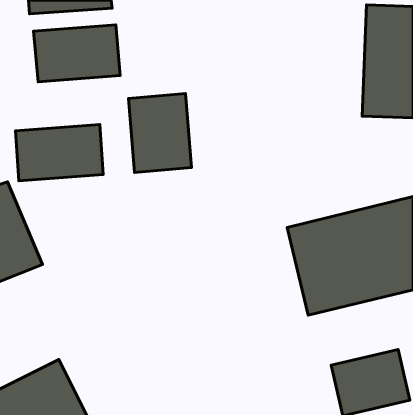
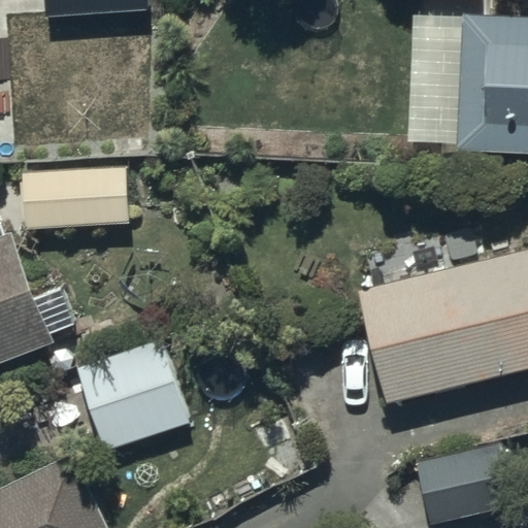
building: [34,25,120,82] -> none
building: [129,94,191,173] -> none
building: none -> [73,338,188,451]

